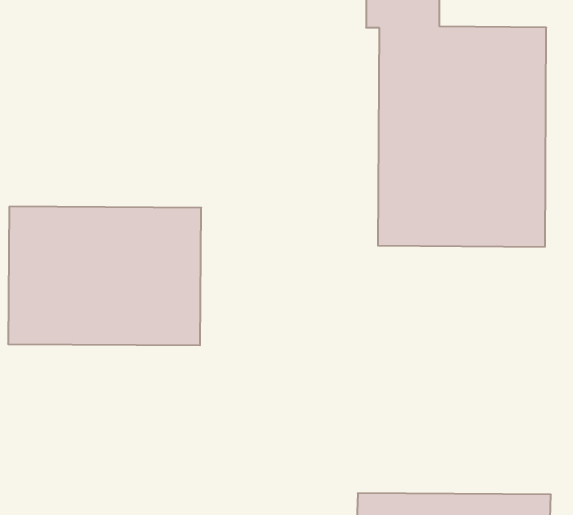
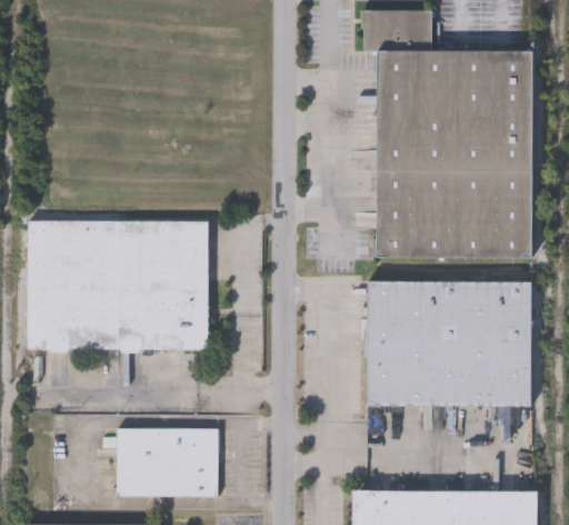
building: none -> [366,280,530,406]
building: none -> [118,428,219,496]

